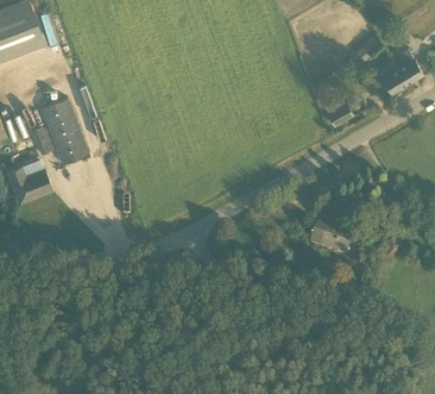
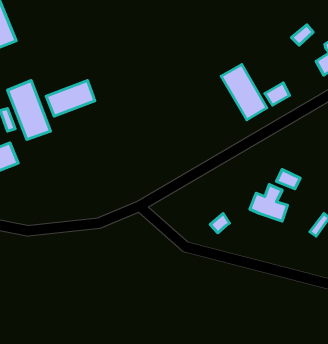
building: none -> [221,65,267,120]
building: none -> [46,81,95,116]

